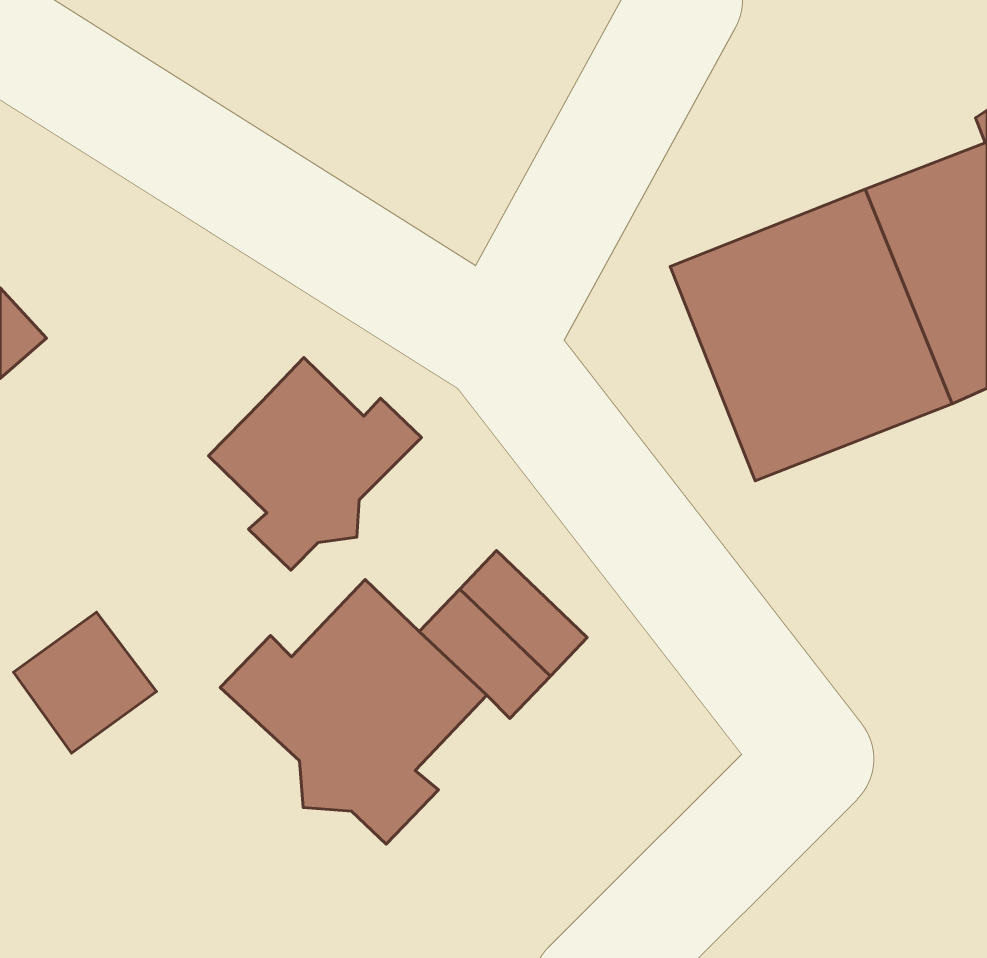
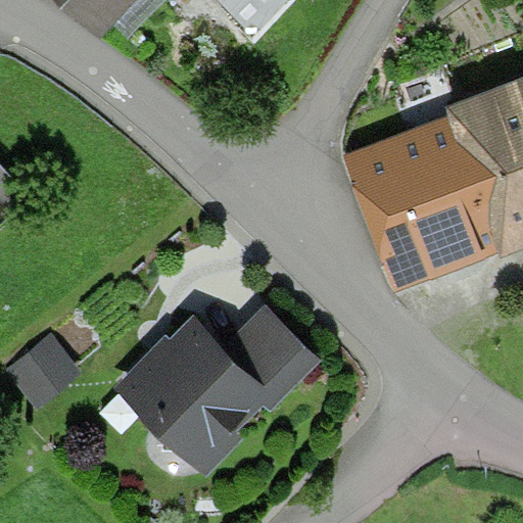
building: [208,358,421,570] -> none

